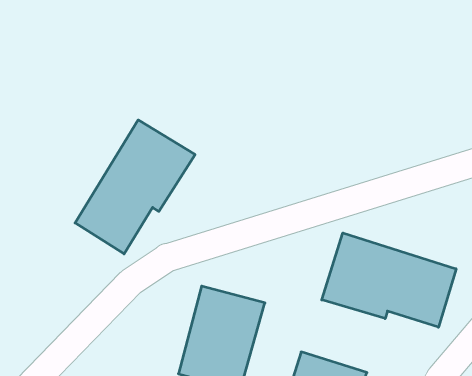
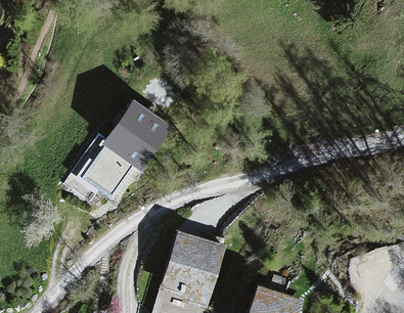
building: [322,233,456,327] -> none

